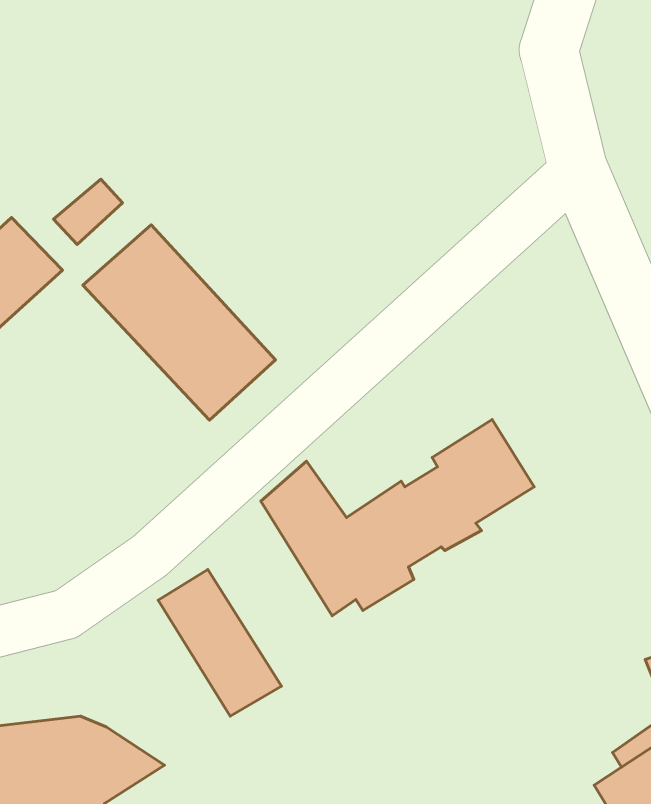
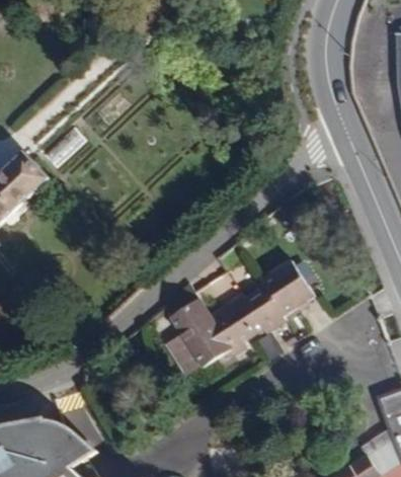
building: [83,225,276,420] -> none
building: [158,570,281,716] -> none

